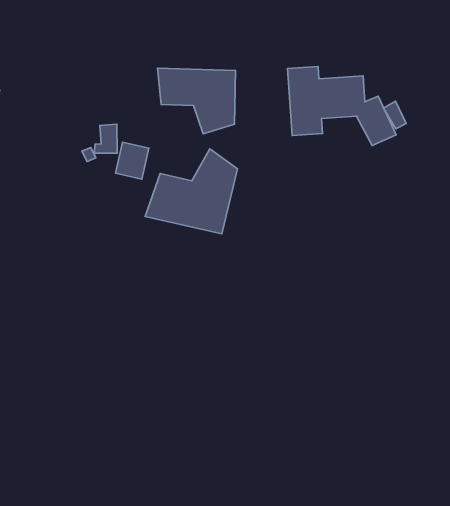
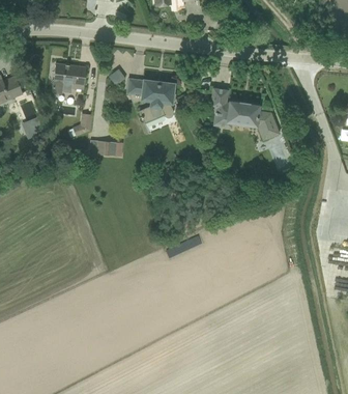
building: none -> [52,63,87,87]
building: [145,149,237,234] -> none

